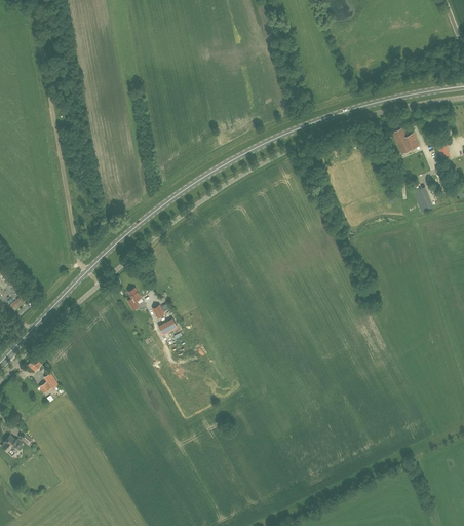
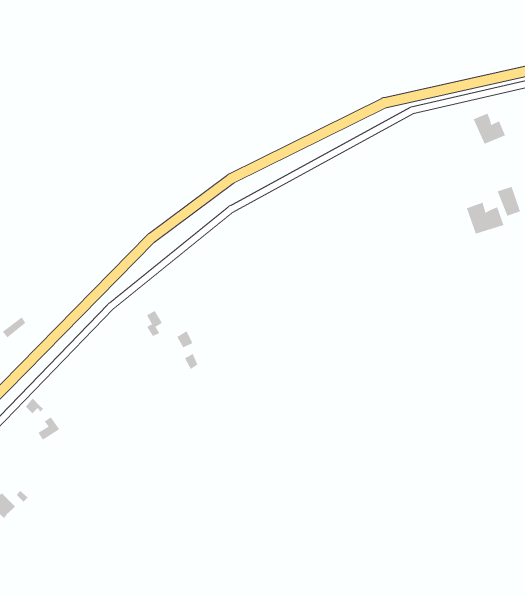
building: none -> [466,202,504,234]

